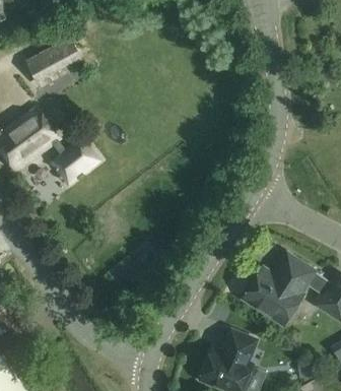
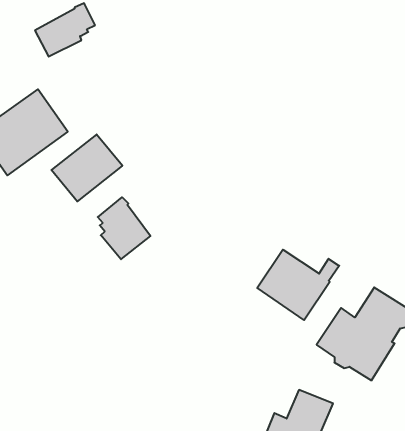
building: none -> [98,197,150,259]
building: none -> [257,250,339,320]

